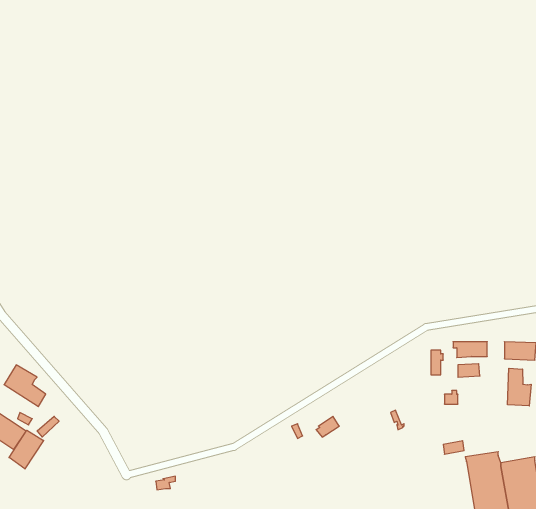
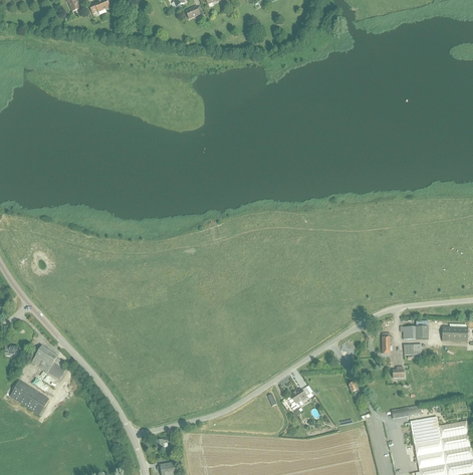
building: [508,368,531,406] -> none
building: [9,430,44,469] -> none

